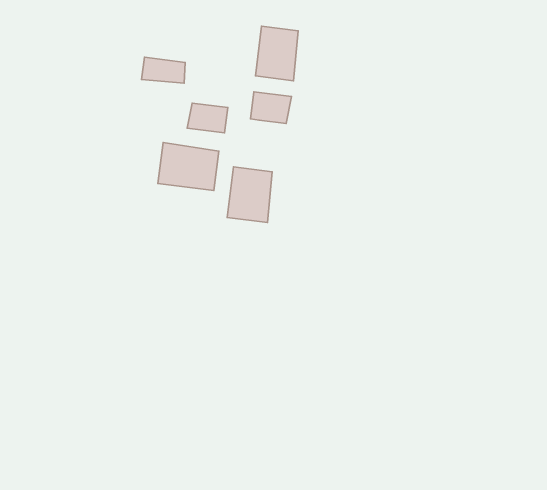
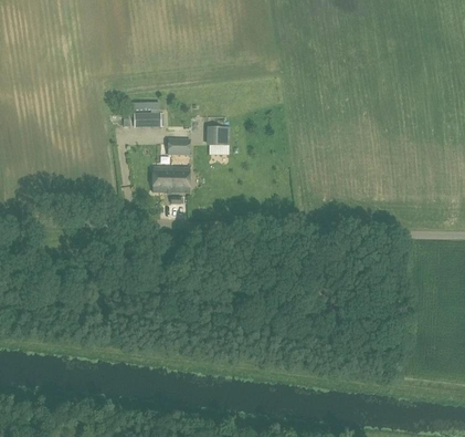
building: [255,26,298,81] -> none
building: [227,167,272,223] -> none

